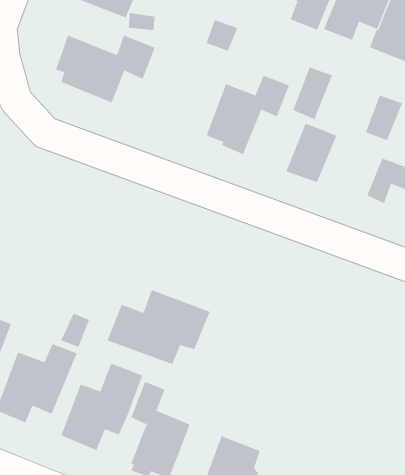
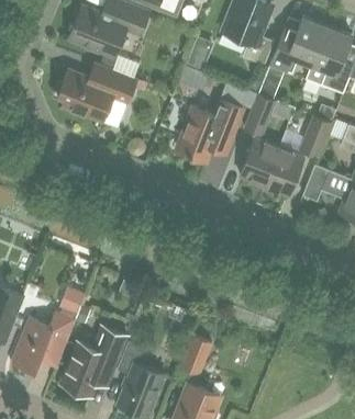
building: none -> [264,147,303,194]
building: [107,289,210,365] -> none
building: none -> [180,336,211,373]

